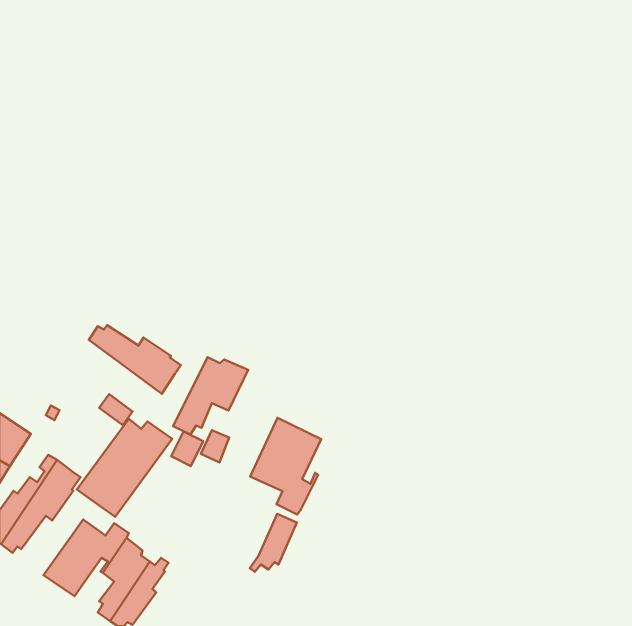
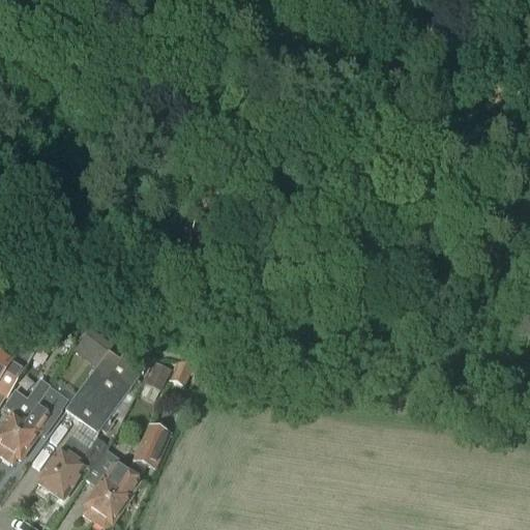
building: [89,325,181,394] -> none
building: [173,357,248,435] -> none
building: [250,418,321,514] -> none
building: [250,514,297,572] -> [125,423,165,472]

